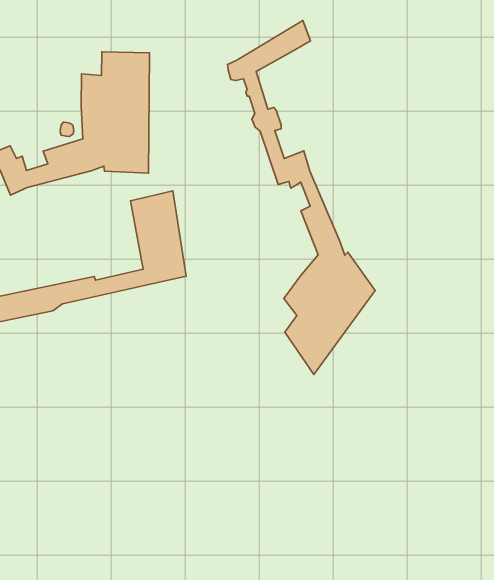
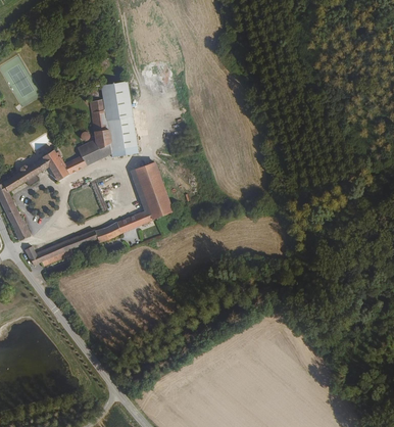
building: [227,21,375,375] -> none

